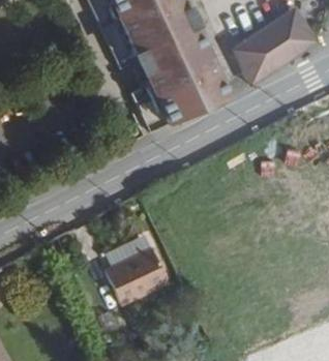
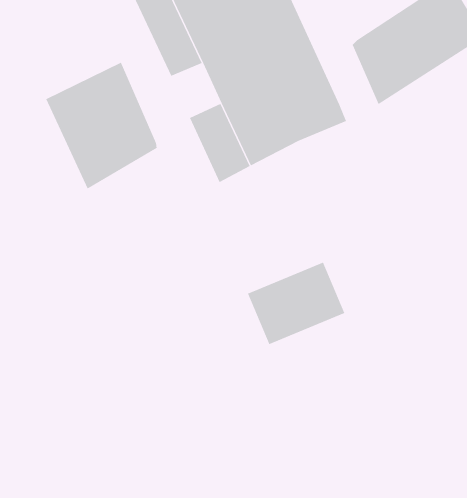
building: none -> [45,62,157,189]
building: [118,247,179,299] -> [247,262,345,345]

